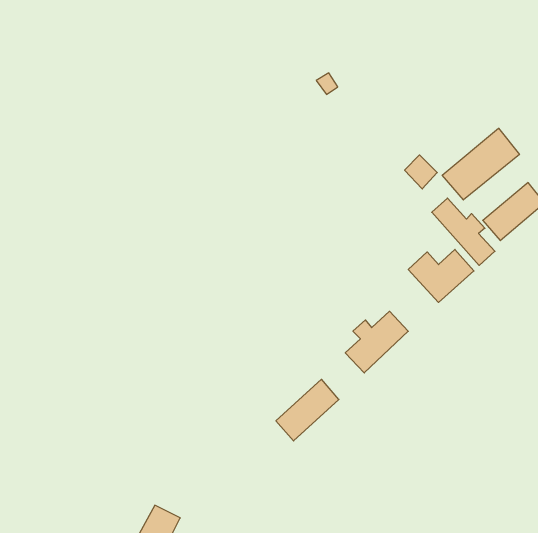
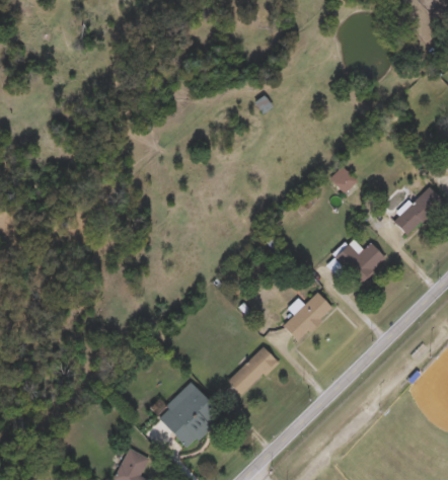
building: [442,128,519,200] -> none
building: [432,198,495,265] -> none
building: none -> [156,383,223,450]

